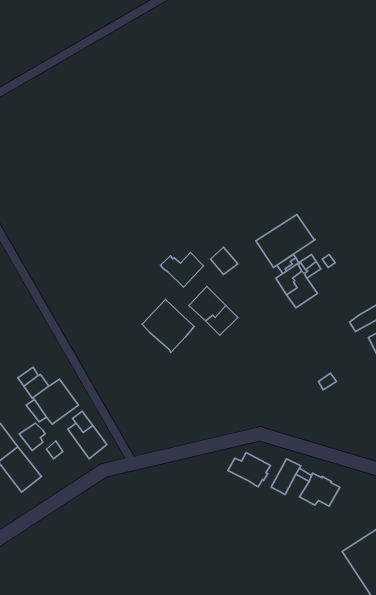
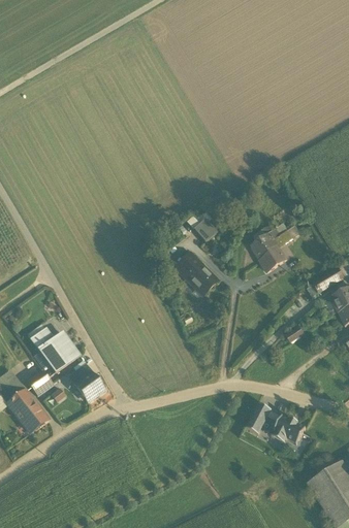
building: [256,214,315,267] -> none
building: [161,252,204,287] -> none
building: [142,300,194,353] -> none
building: [228,453,270,487] -> none

